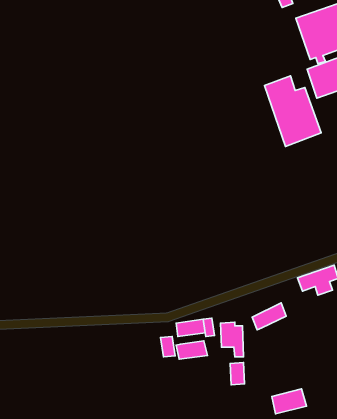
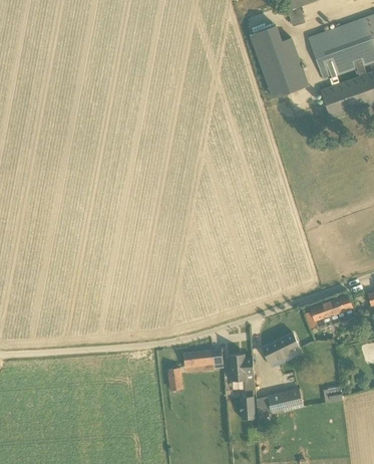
building: [264,76,321,146] -> [249,26,308,99]
building: [176,341,207,359] -> none
building: [272,389,306,414] -> [268,388,304,414]

